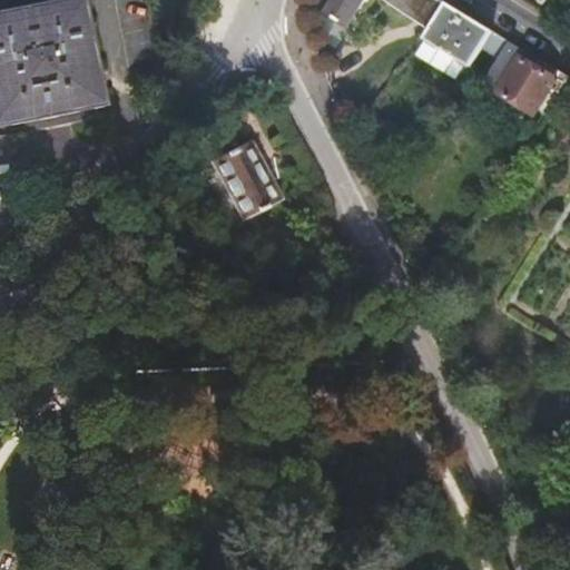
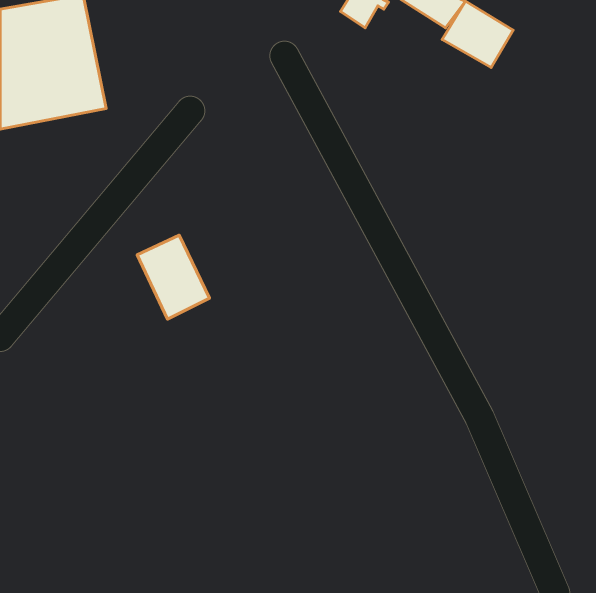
building: [490,40,556,112] -> none
building: [214,142,283,223] -> [137,235,210,319]

